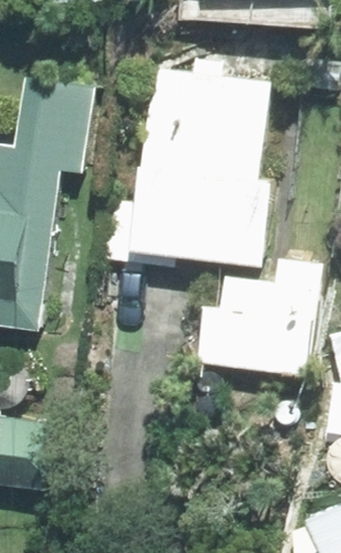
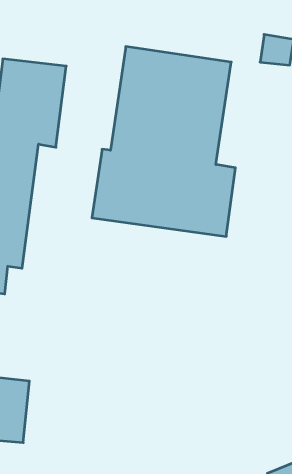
building: [200,258,320,373] -> none

